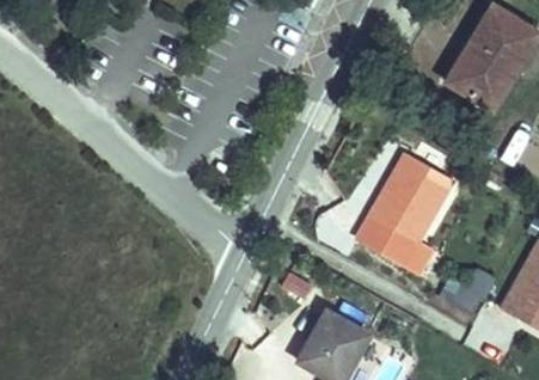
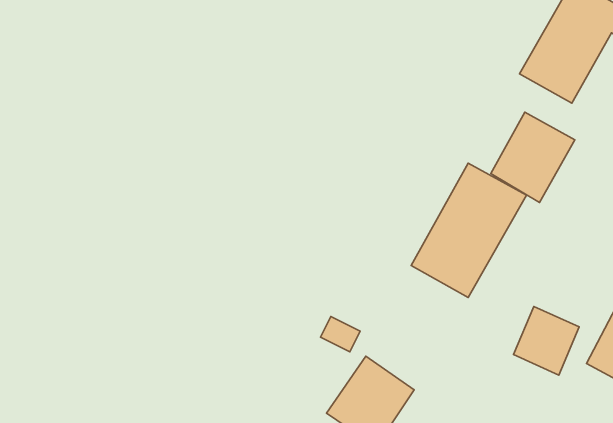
building: none -> [491,112,575,202]

